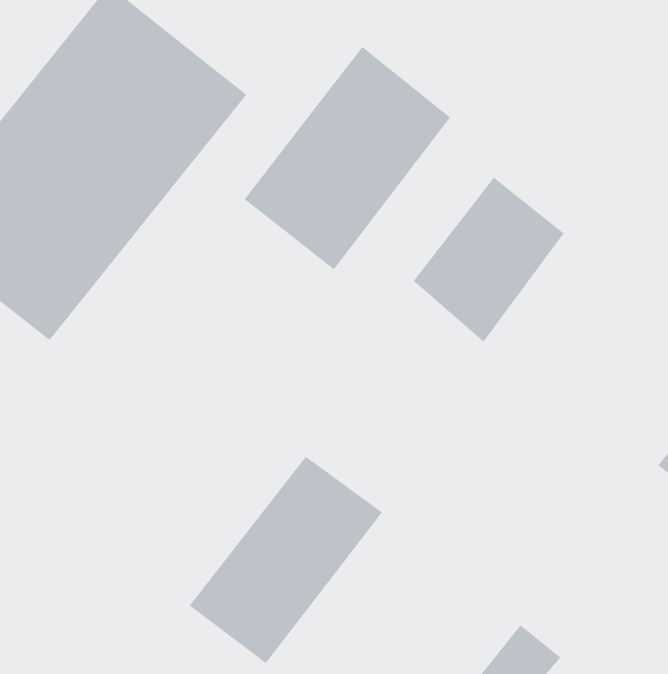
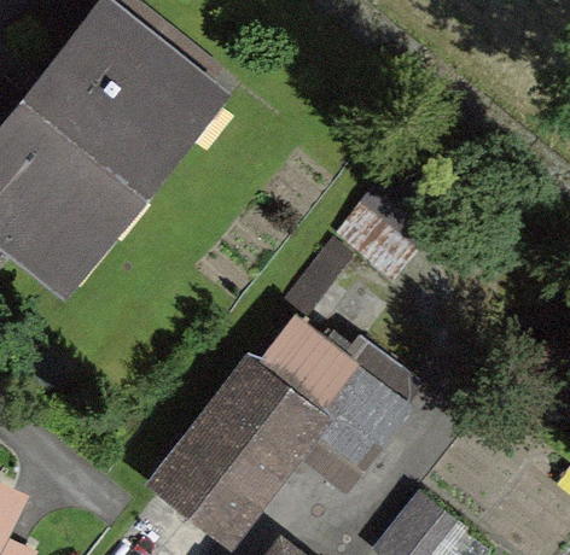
building: [244,46,451,270] -> none
building: none -> [257,320,420,479]

